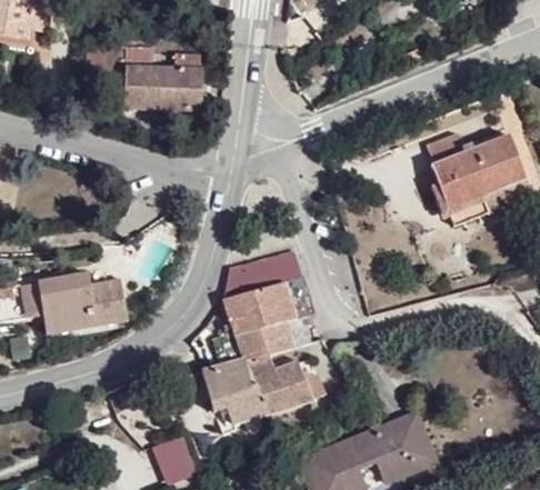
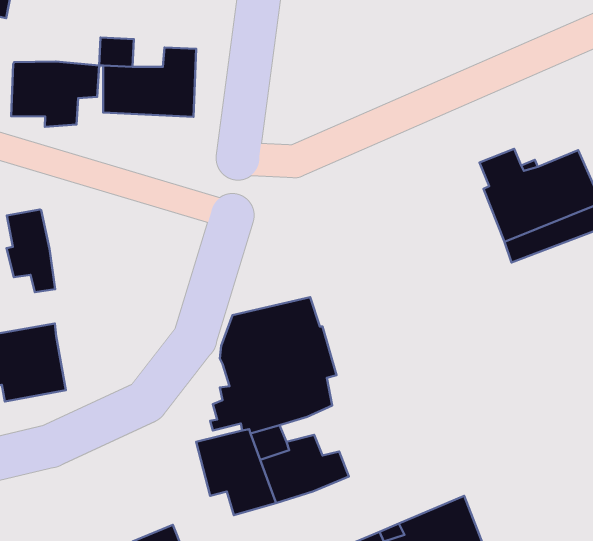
building: none -> [11,61,99,127]
building: none -> [6,210,55,292]
building: [89,277,128,326] -> none

